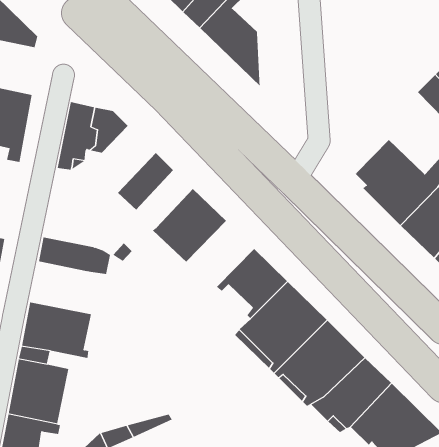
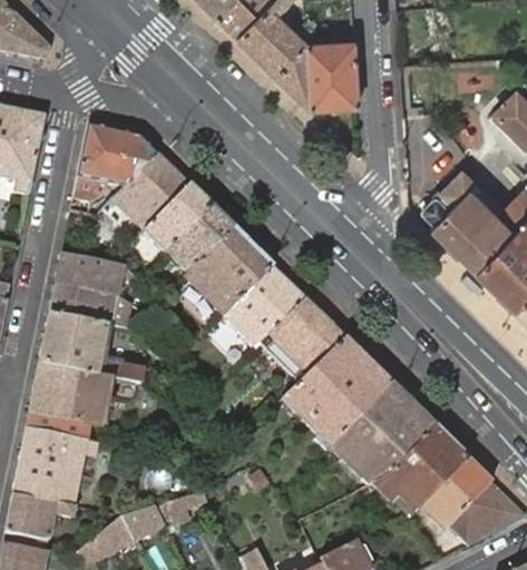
building: none -> [309,40,360,107]
building: none -> [104,153,188,238]
building: none -> [165,205,232,273]
building: none -> [55,250,123,296]
building: none -> [224,265,304,345]
building: none -> [39,313,144,381]

